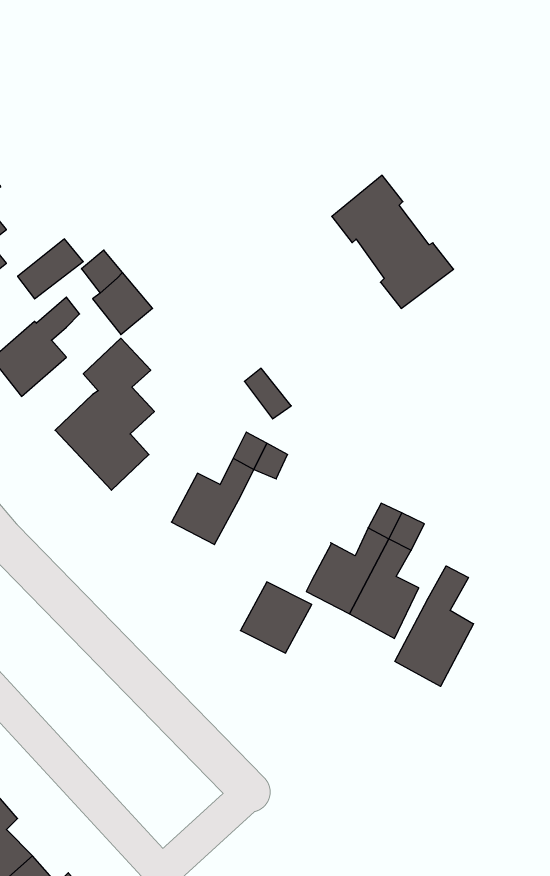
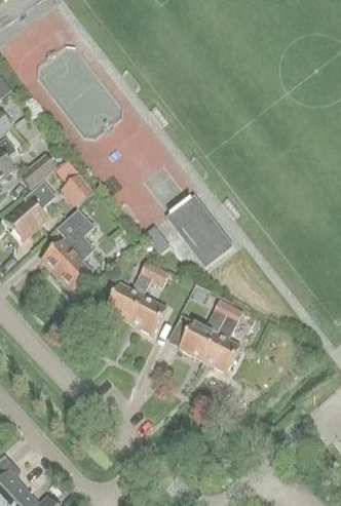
building: [332,175,454,308] -> [166,194,233,267]
building: [395,566,474,686] -> none
building: [240,582,312,653] -> [128,295,167,334]

